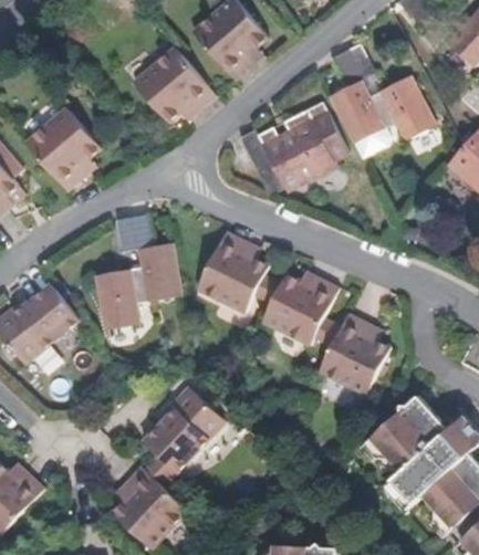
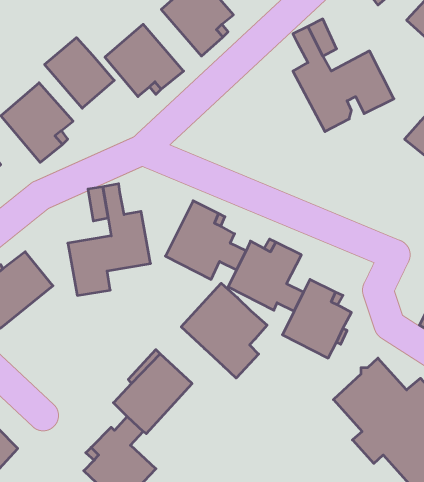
building: none -> [45,38,114,108]
building: [239,108,336,196] -> none
building: none -> [181,283,267,378]

